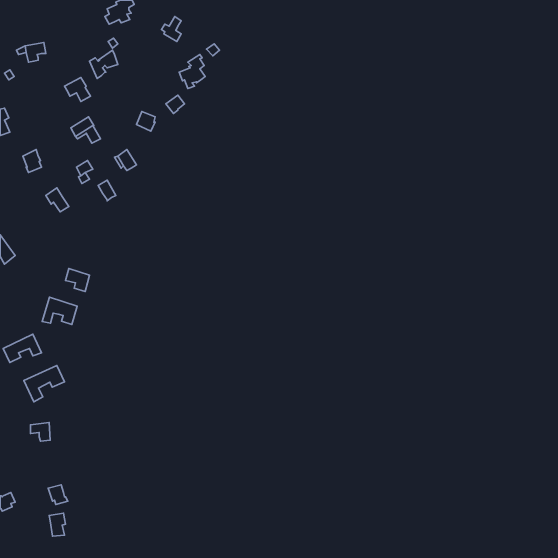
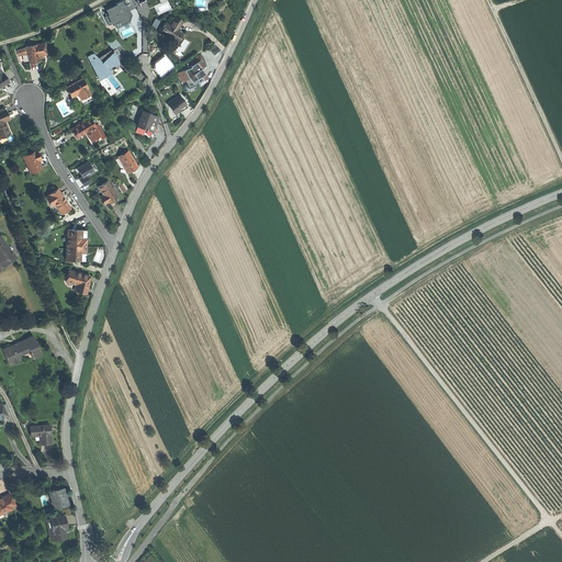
building: none -> [66,229,87,260]
building: [42,297,77,325] -> none
building: [24,366,65,402] -> none

